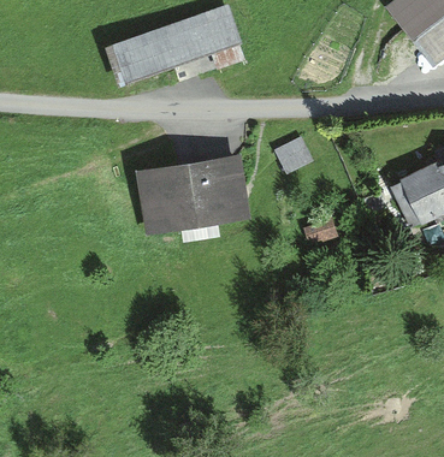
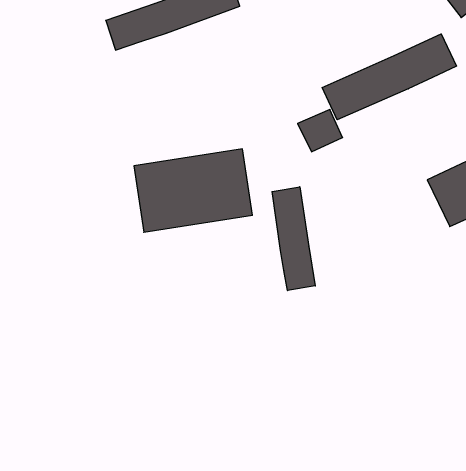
building: none -> [322,34,456,120]
building: none -> [272,187,315,291]

